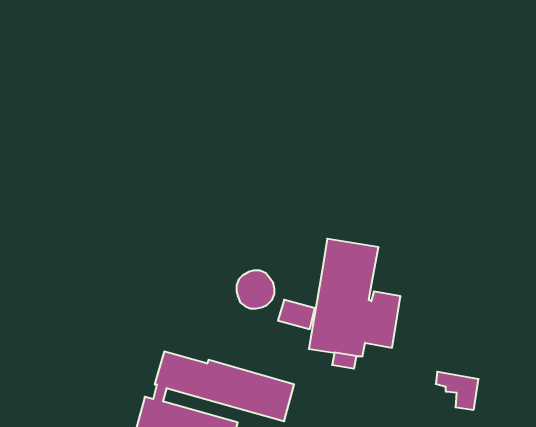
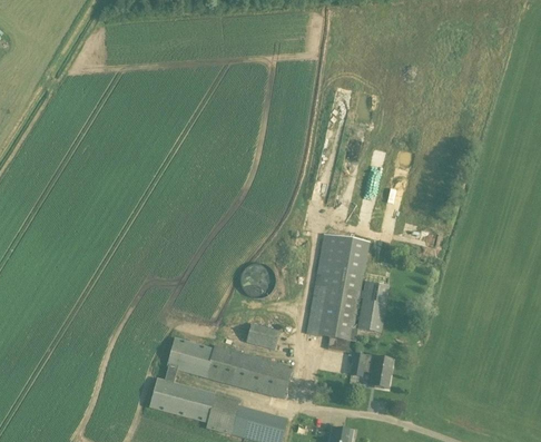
building: [278,300,315,329] -> [246,323,279,350]
building: [436,372,479,410] -> [353,353,392,387]

